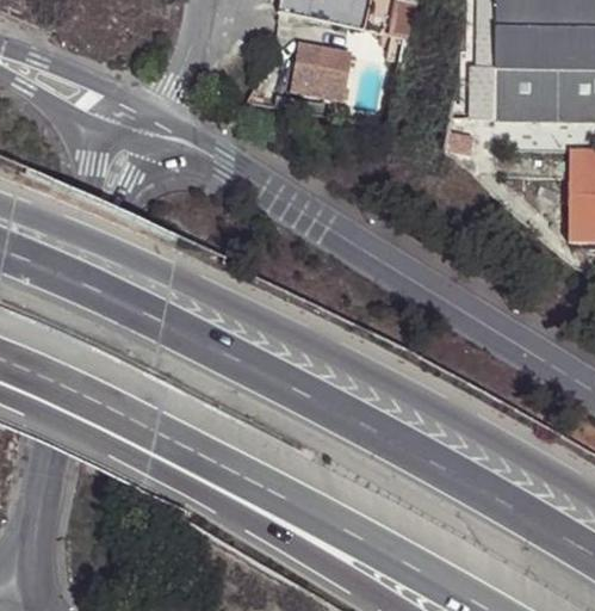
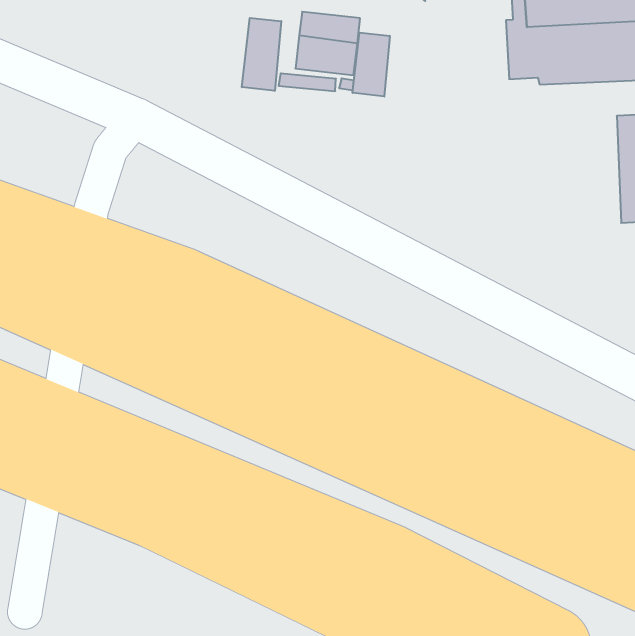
building: none -> [242,18,281,91]
building: none -> [353,33,390,97]

